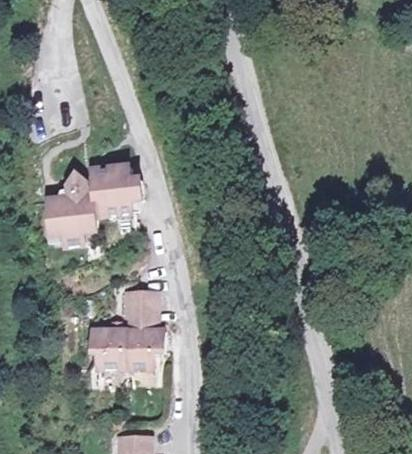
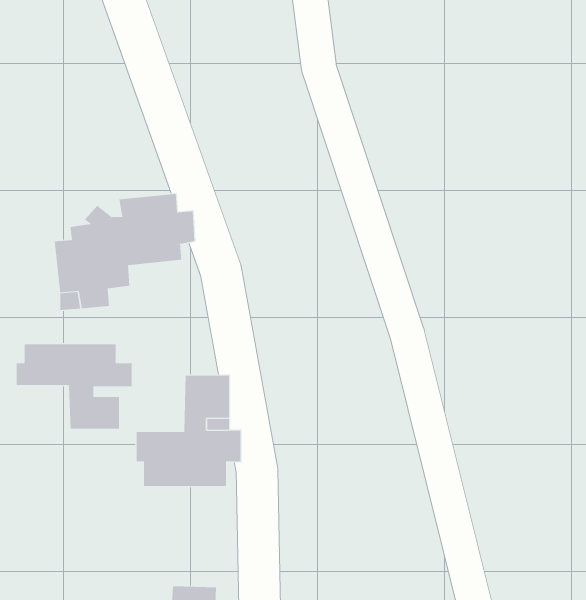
building: none -> [16,343,132,430]

